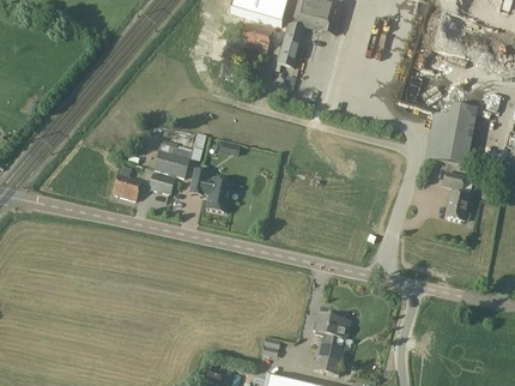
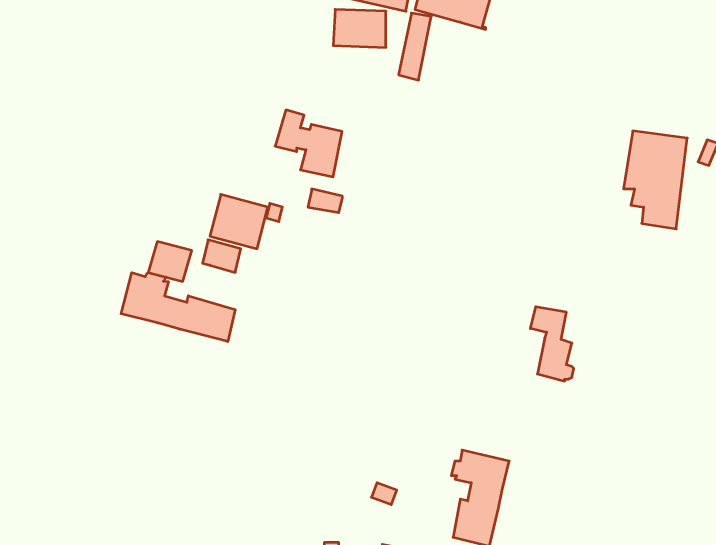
building: [189,167,234,211] -> [275,110,342,177]
building: [442,170,471,219] -> [530,307,574,381]
building: none -> [121,273,235,342]

